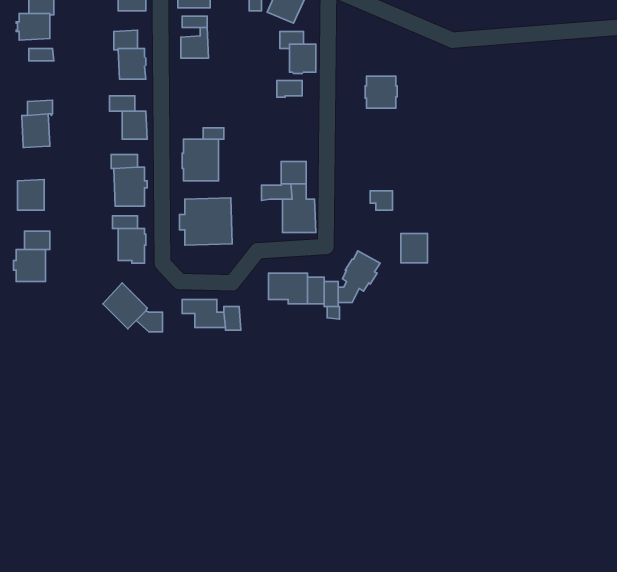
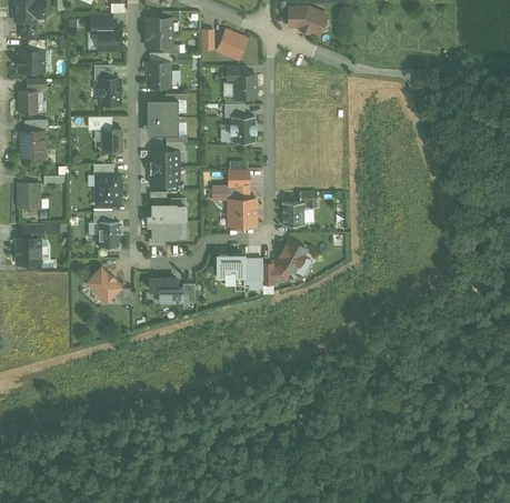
building: none -> [18,92,38,114]
building: none -> [152,101,183,135]
building: [365,76,397,108] -> [230,118,256,143]
building: [401,233,427,263] -> [282,203,303,227]

